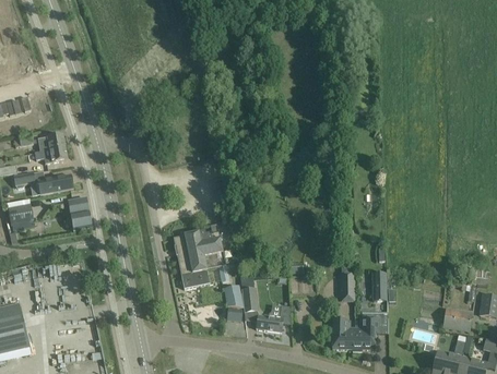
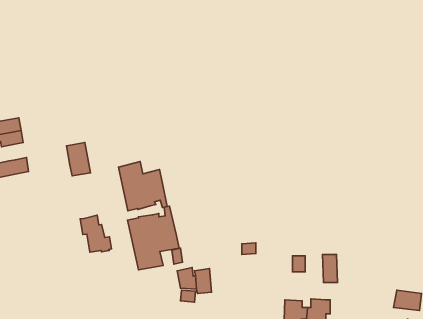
building: none -> [119,162,167,211]
building: [68,197,92,231] -> [67,143,90,176]
building: none -> [80,215,112,252]
building: [257,305,289,331] -> none

